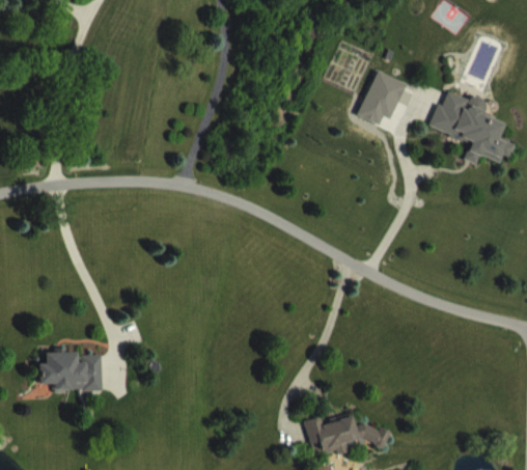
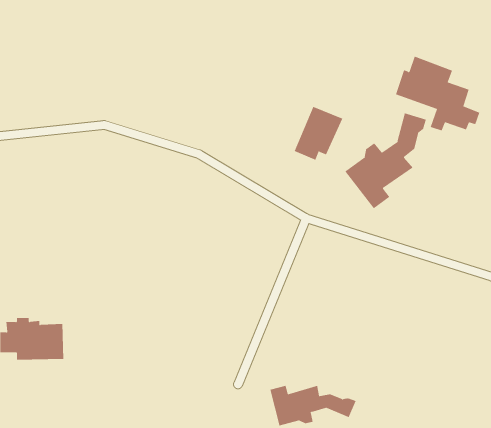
building: [358,71,407,125] -> [294,106,343,160]
building: none -> [344,113,427,209]

